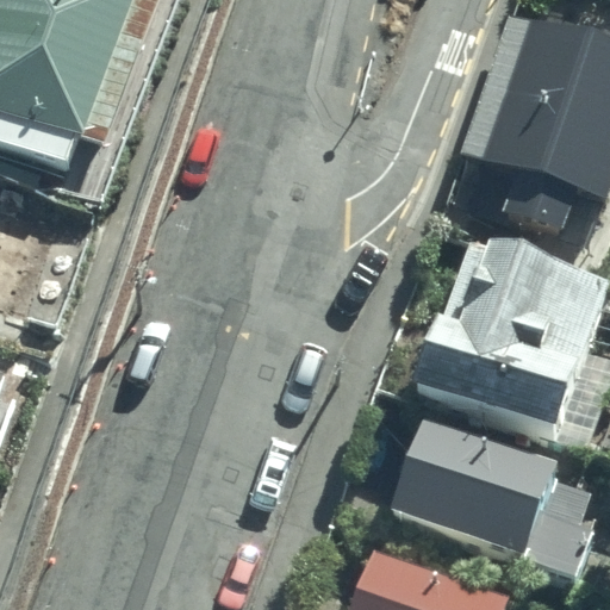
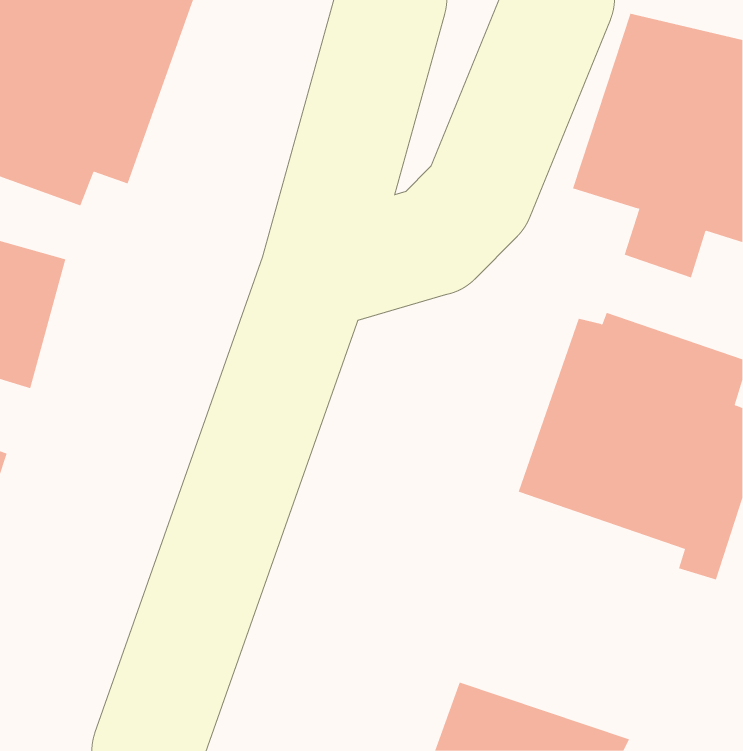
building: [391,419,589,579] -> none

